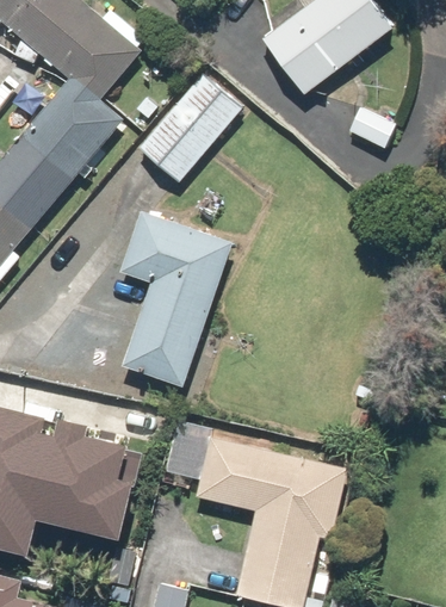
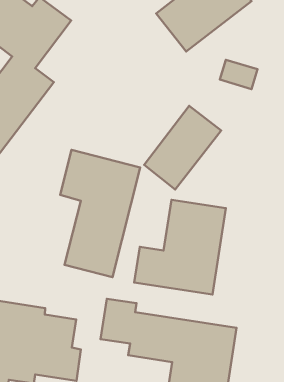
building: [140,74,246,185] -> [144,106,221,189]
building: none -> [134,200,226,295]

